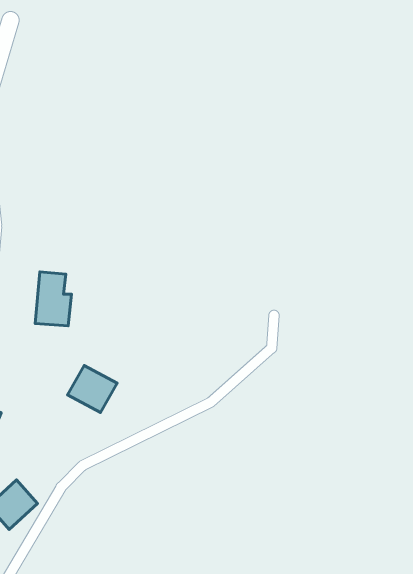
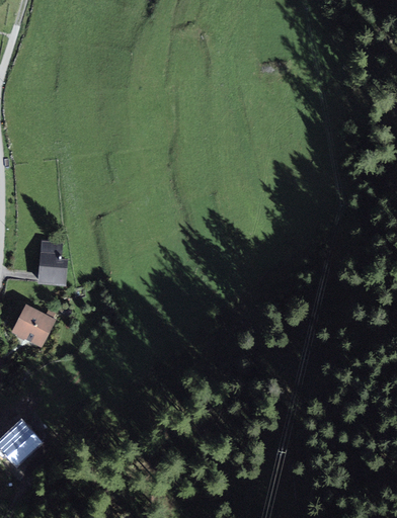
building: [68,366,117,413] -> [11,304,54,344]

